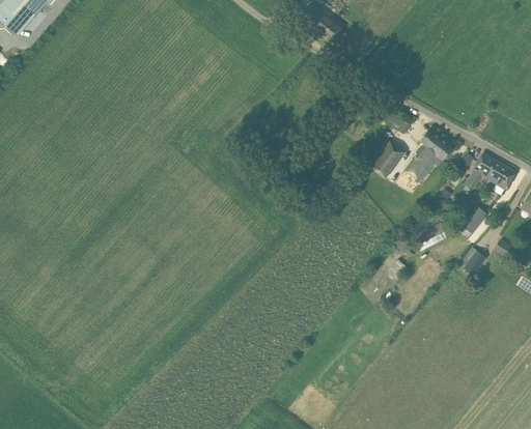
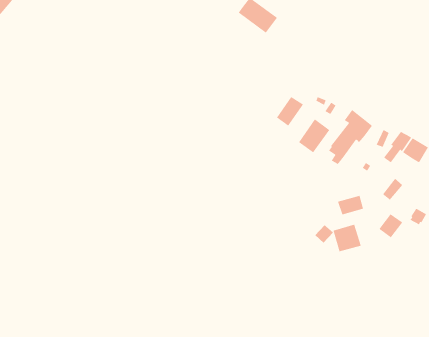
building: none -> [276,96,304,126]
building: none -> [333,224,361,252]

